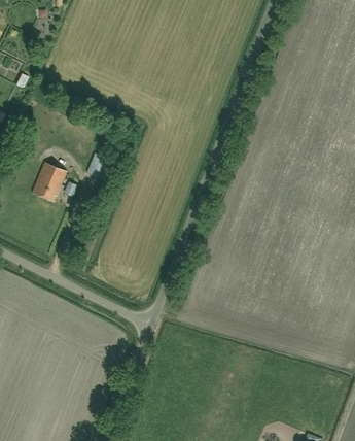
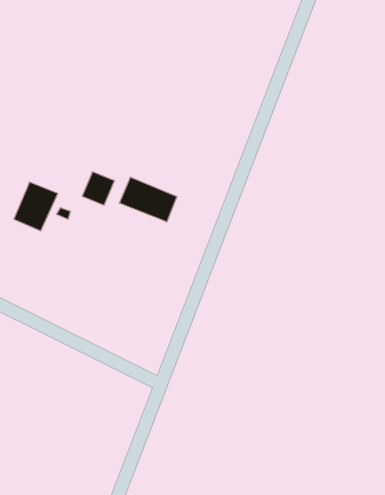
building: none -> [119,177,177,222]

